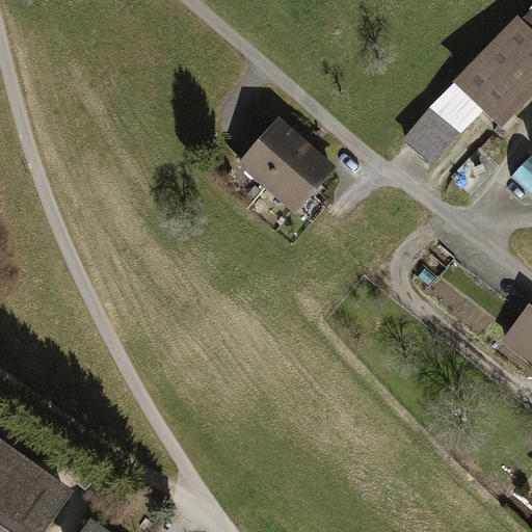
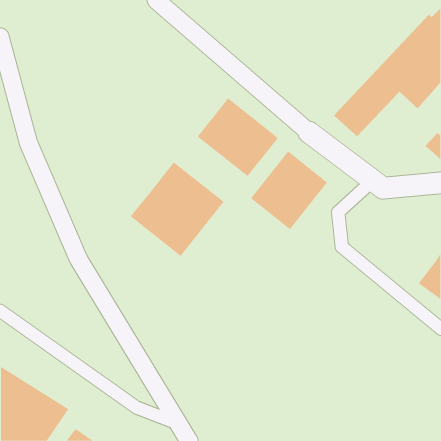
building: none -> [250,150,328,230]
building: none -> [130,161,224,257]

